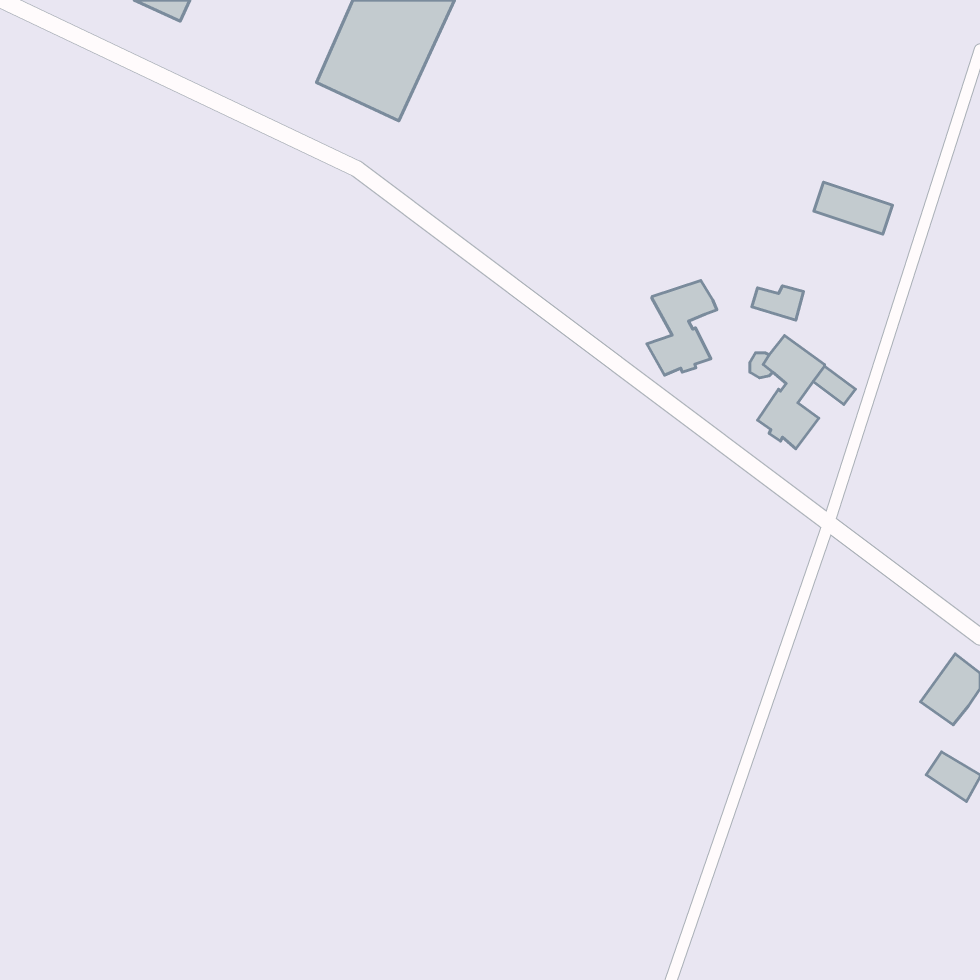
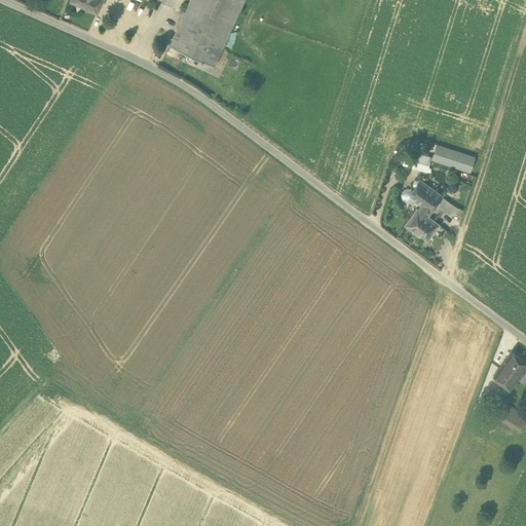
building: [814,182,893,234] -> [433,144,475,172]
building: [647,280,717,375] -> none

